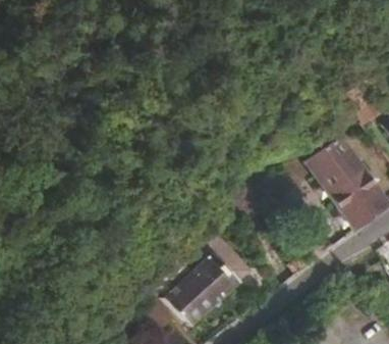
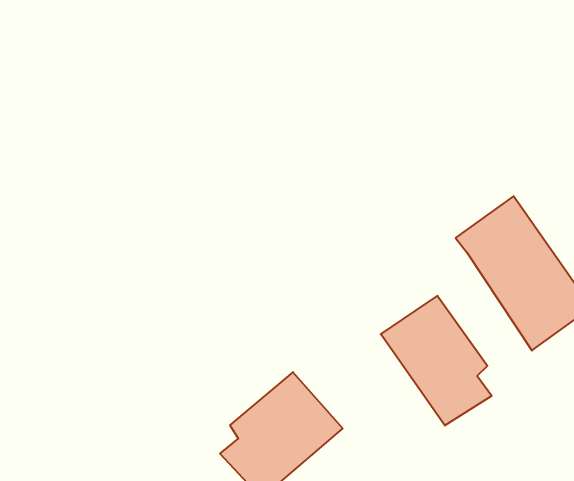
building: none -> [381,296,492,426]

